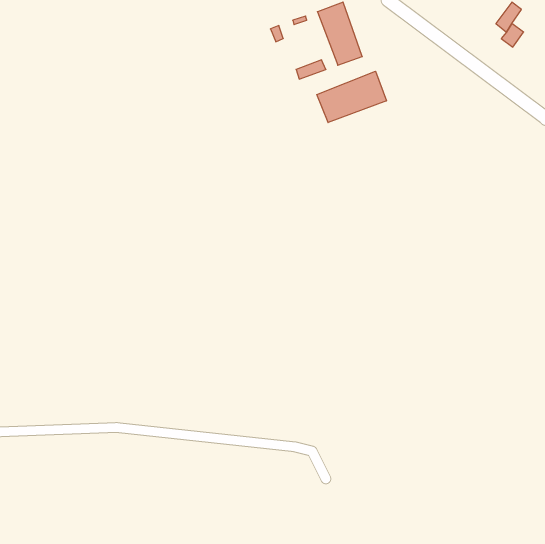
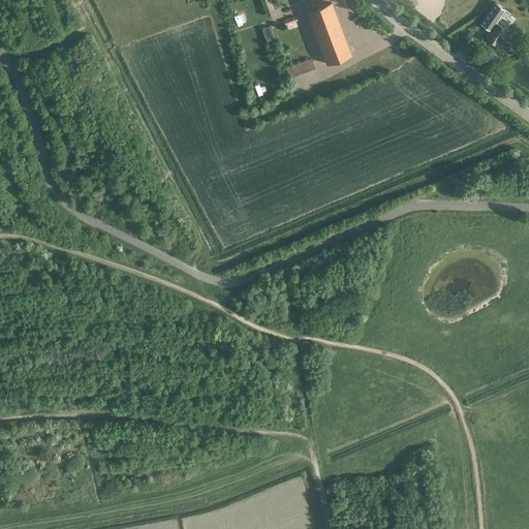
building: [317,71,386,123] -> none

